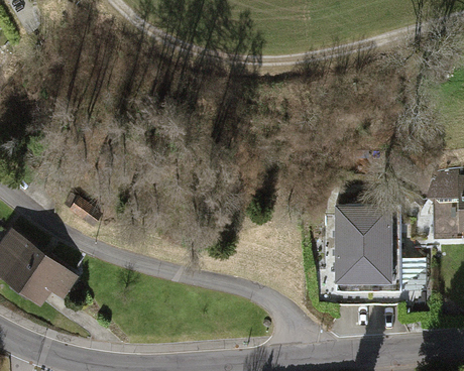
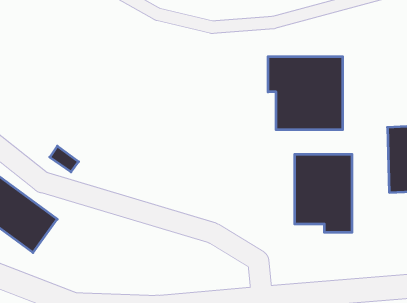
building: none -> [268,57,343,130]

